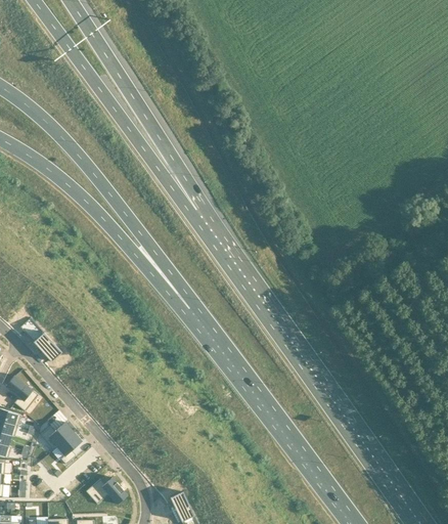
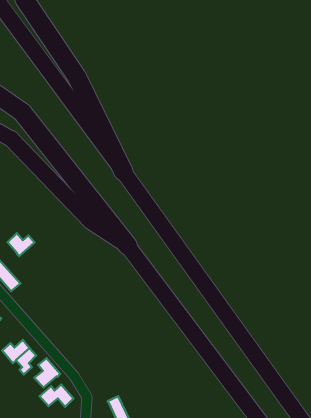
building: none -> [7,233,34,256]
building: none -> [34,358,60,388]

